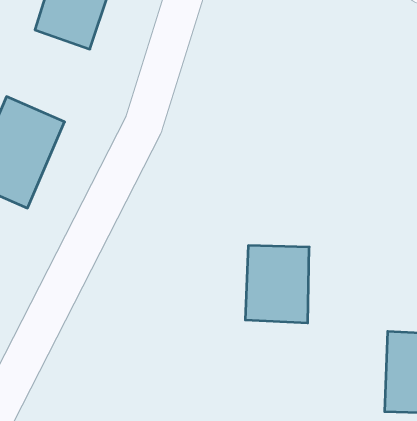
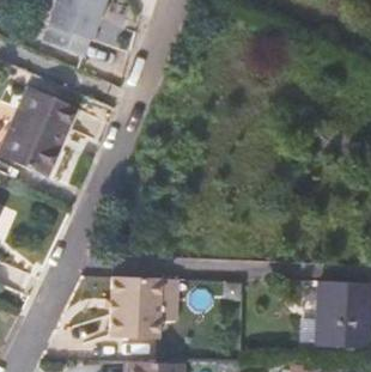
building: [245,246,309,323] -> [116,276,168,339]

